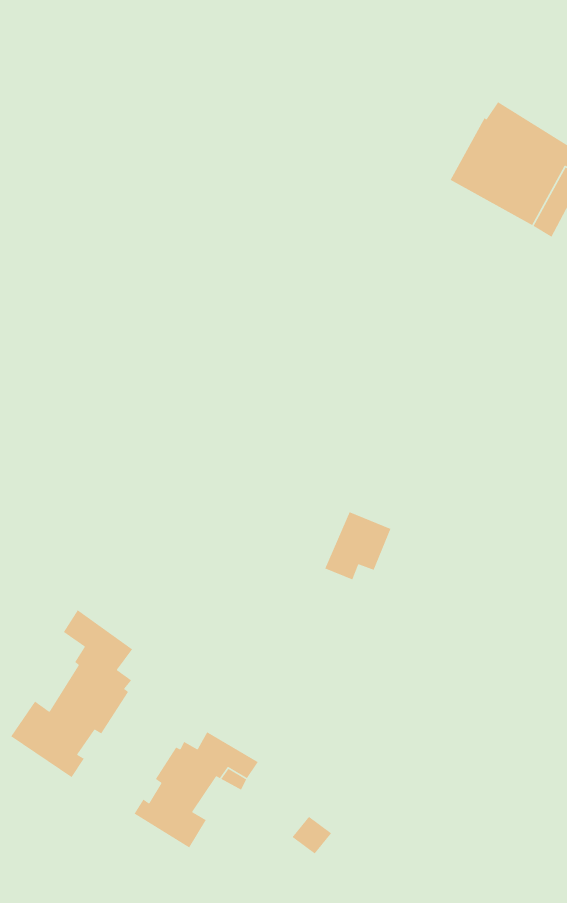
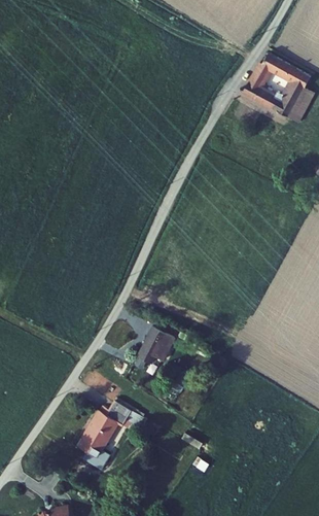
building: [324,511,391,581] -> [136,325,172,363]
building: [10,609,133,778] -> none

